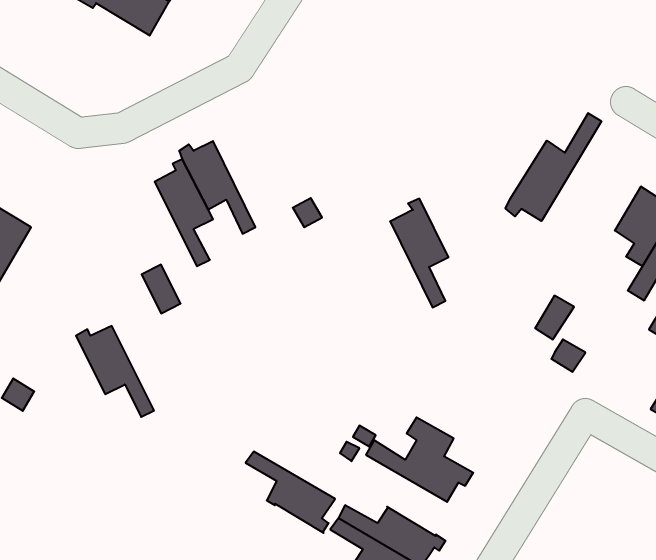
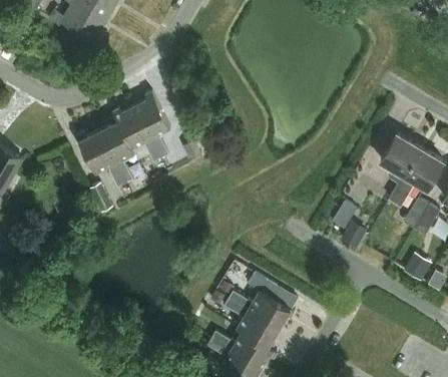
building: [505,113,601,221] -> none
building: [390,199,449,307] -> [133,92,169,159]
building: [76,326,154,417] -> [75,131,123,187]
building: [246,452,335,533] -> [222,300,278,350]

